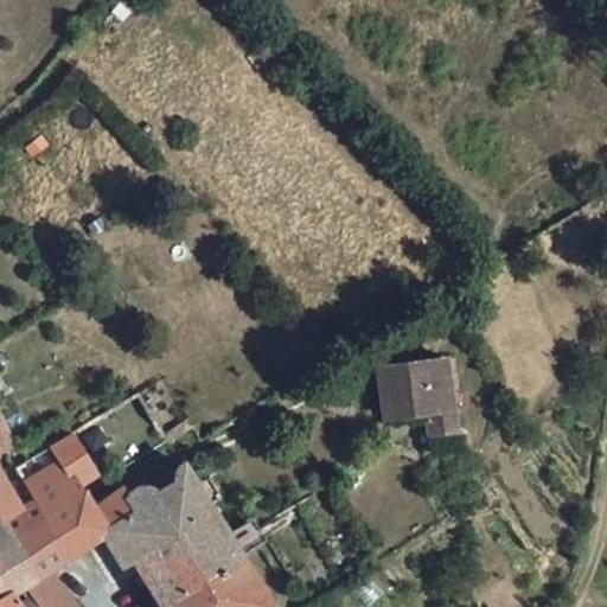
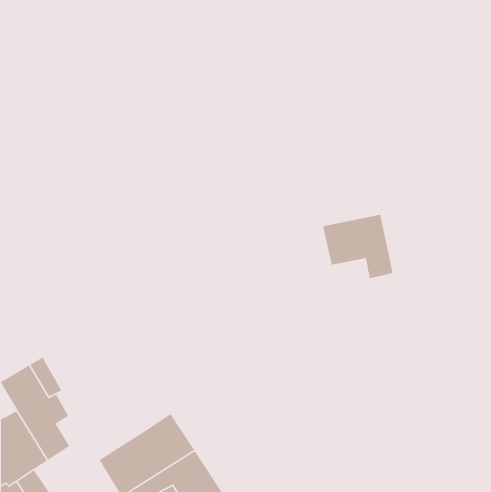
building: [377,350,464,429] -> [322,214,393,279]
building: [78,465,217,571] -> none

